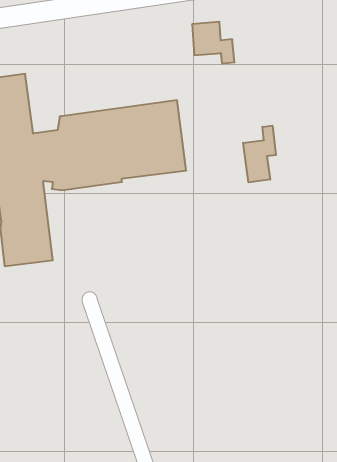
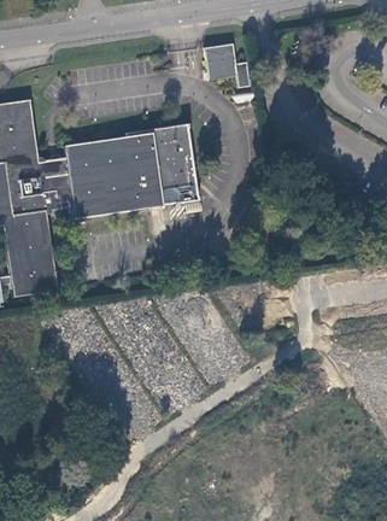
building: [243,126,276,182] -> none

